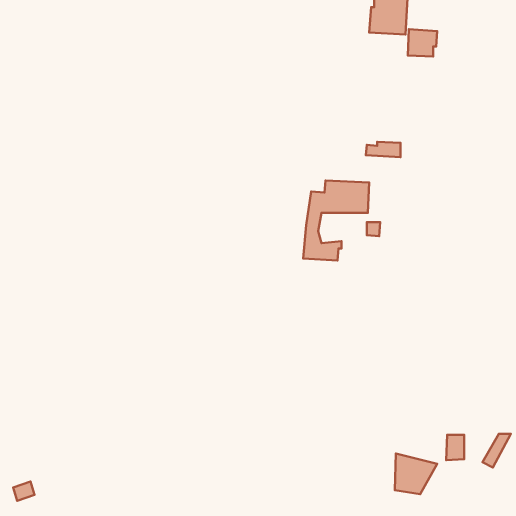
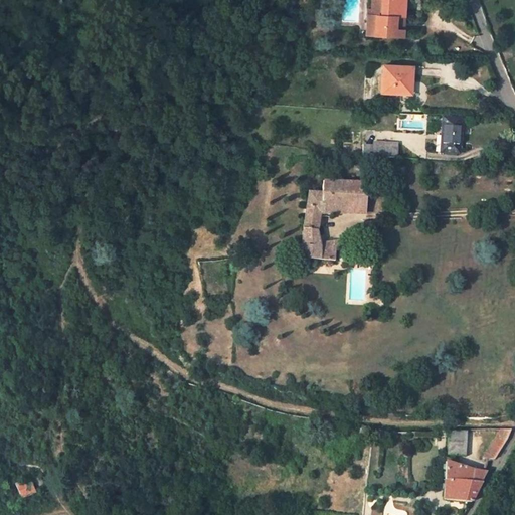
building: [408,29,437,57] -> [384,63,413,91]
building: none -> [444,115,462,150]
building: [395,454,437,494] -> [443,464,485,504]

